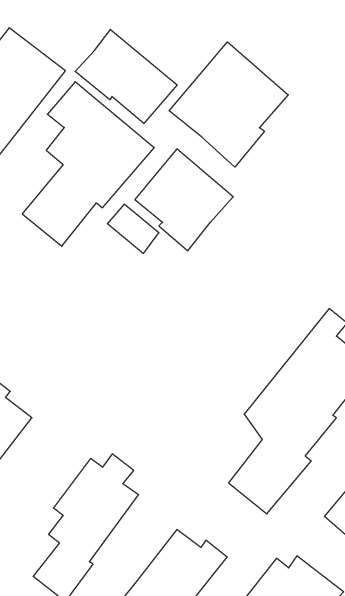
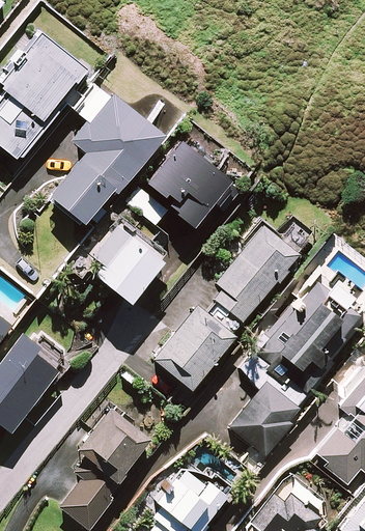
building: [75,29,177,124] -> none
building: [169,42,288,167] -> none
building: none -> [86,224,163,301]
building: none -> [153,226,302,390]

